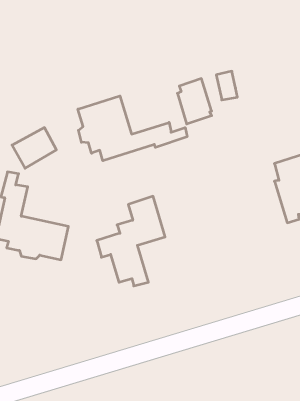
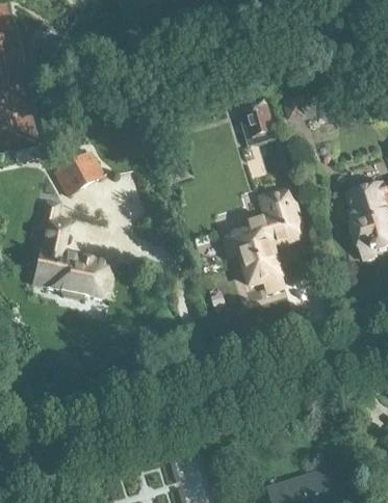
building: [78,96,187,161] -> none
building: [97,196,165,286] -> [226,188,303,289]

